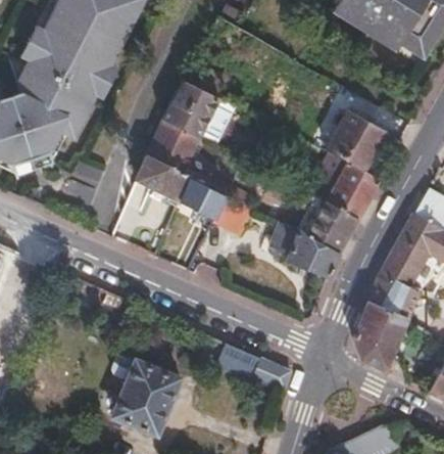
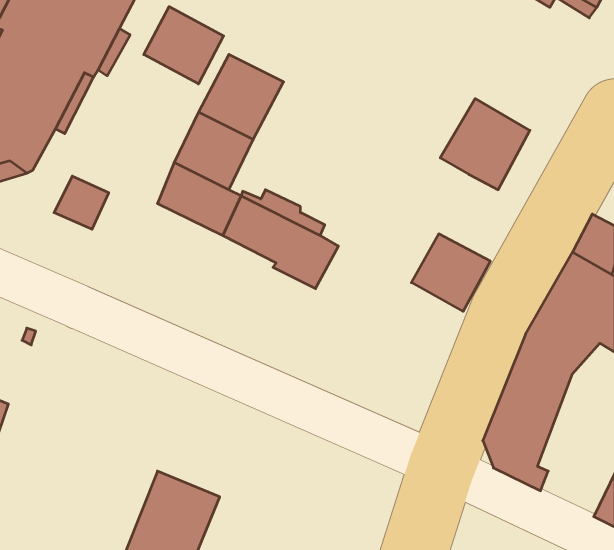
building: none -> [144,7,224,84]
building: [325,162,381,220] -> none
building: [272,224,341,279] -> none
building: [221,345,291,393] -> none

